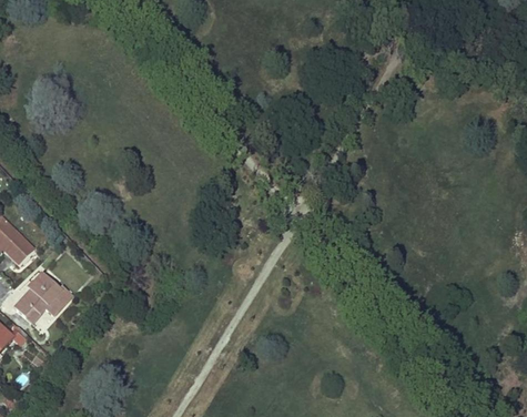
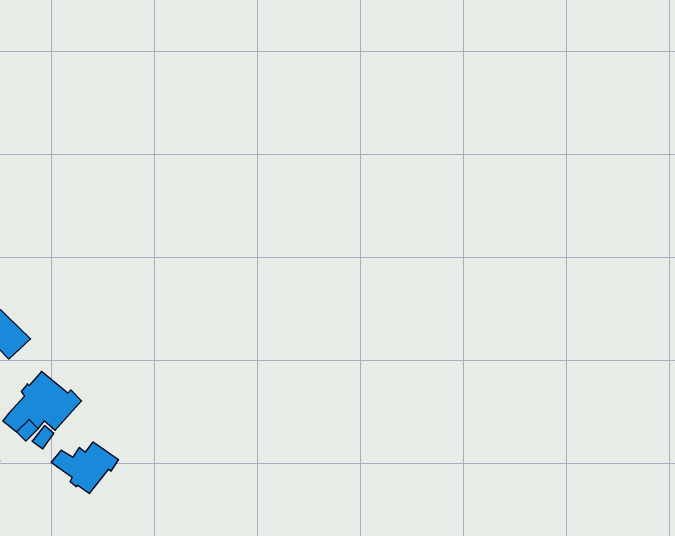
building: none -> [51,442,118,494]

